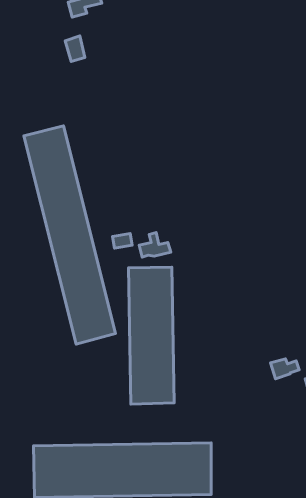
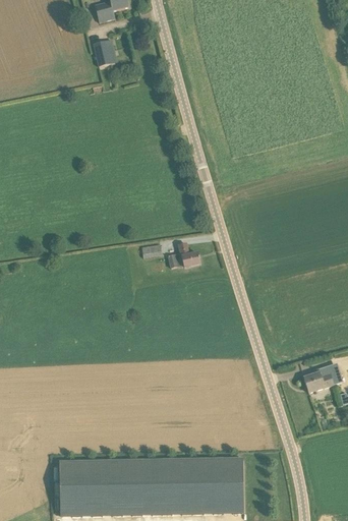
building: [24,126,115,344] -> none
building: [128,267,174,404] -> none

